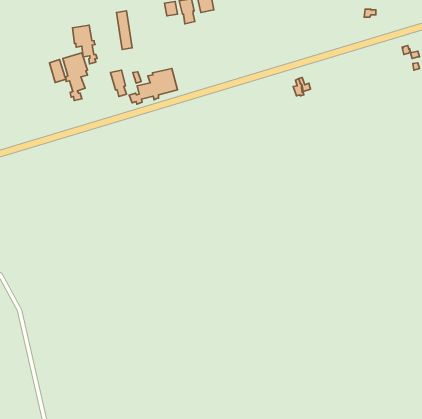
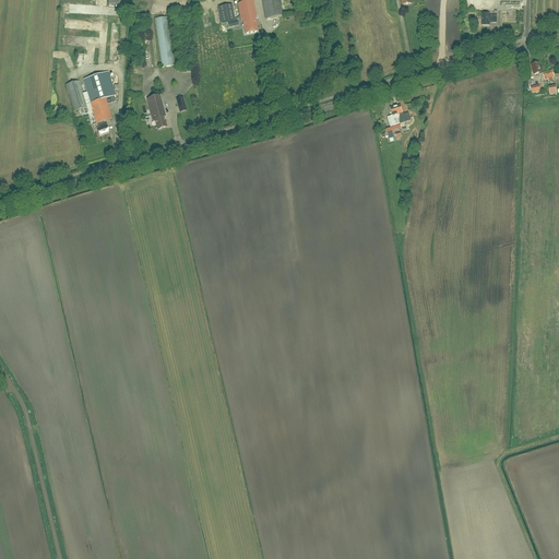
building: [72,25,97,64] -> none
building: [129,68,177,104] -> none

